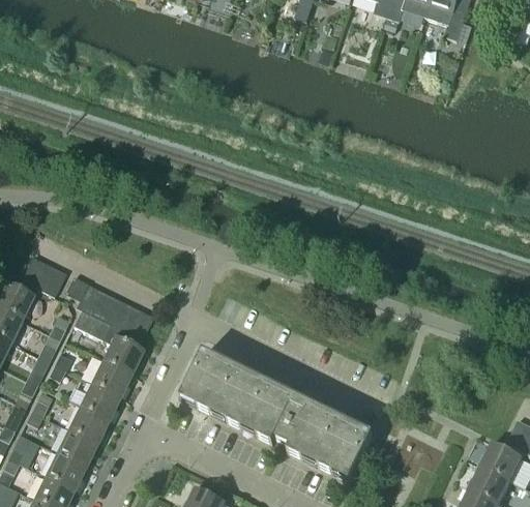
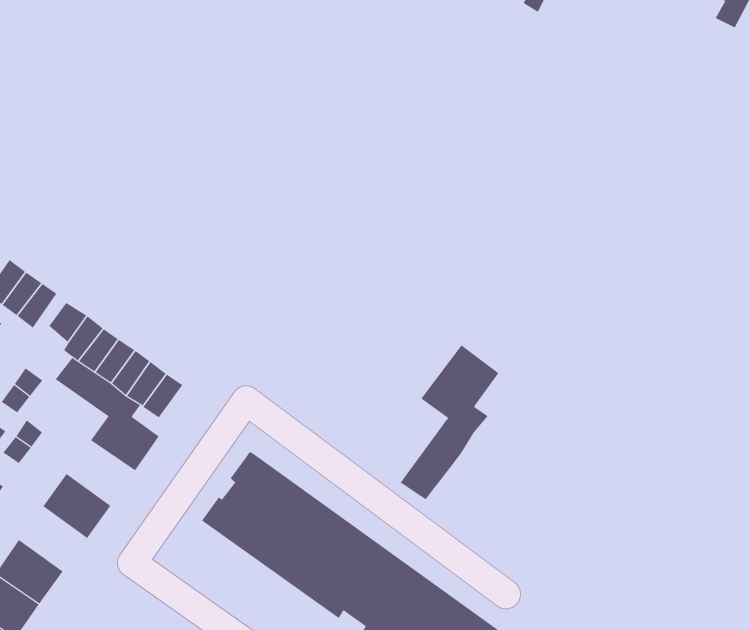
building: none -> [400,345,499,500]
building: [91,358,134,396] -> none
building: [68,404,111,442] -> none

